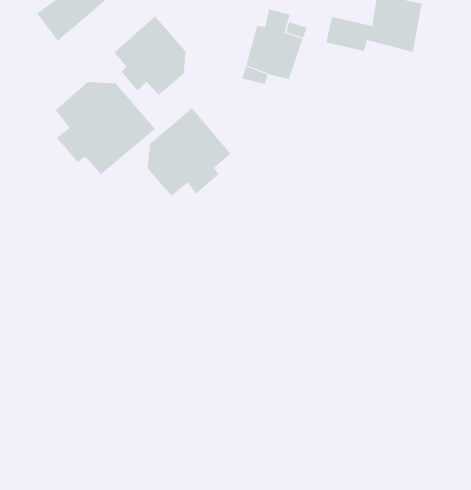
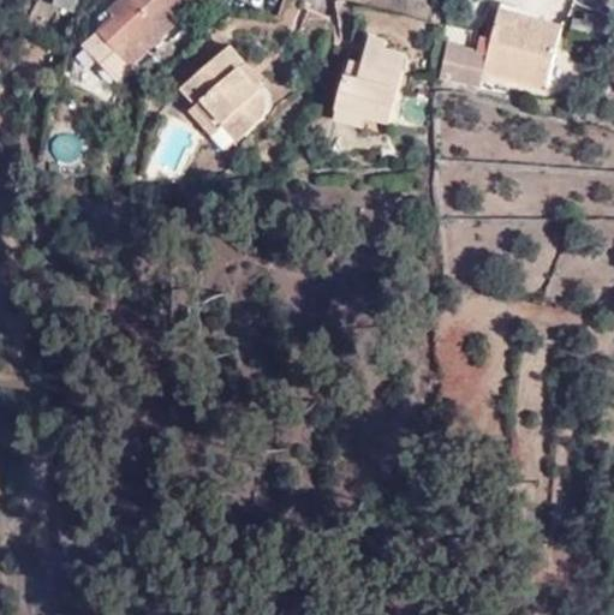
building: [55,81,156,175] -> none
building: [147,107,231,197] -> none

